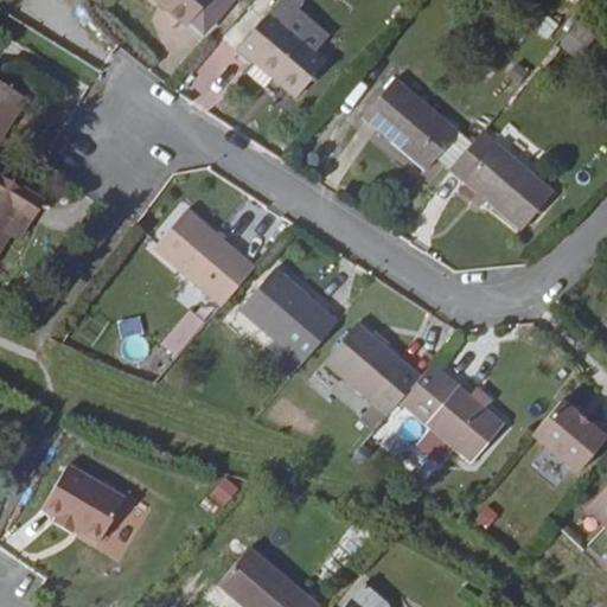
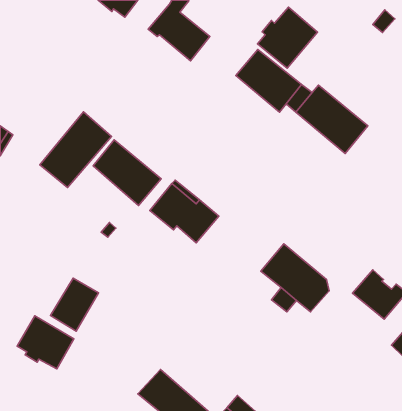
building: none -> [258,7,317,68]
building: none -> [40,112,111,187]
building: [326,322,422,428] -> none
building: none -> [50,278,99,331]

